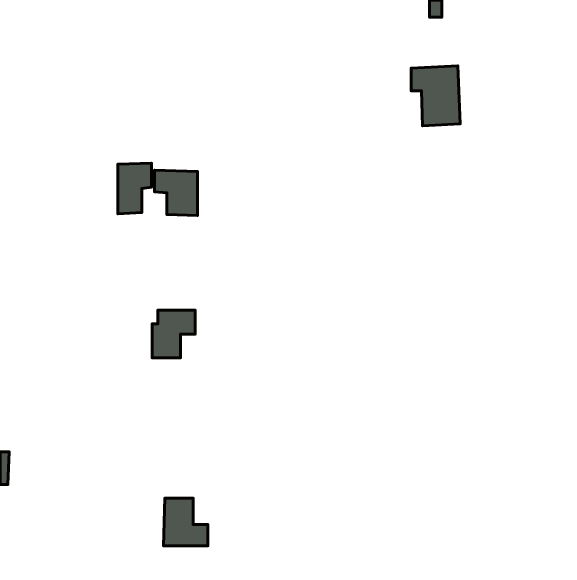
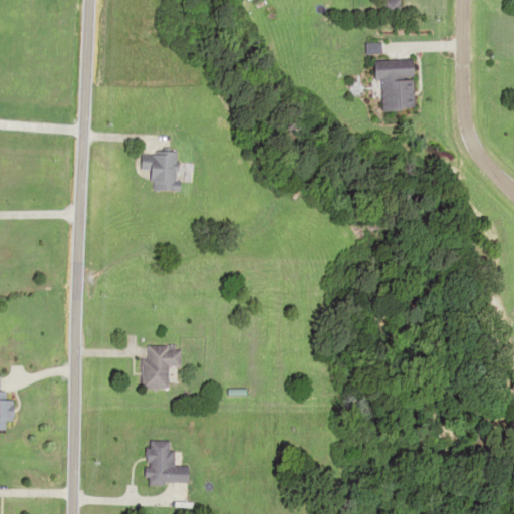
building: [118,163,151,214] -> none
building: [152,310,195,358] -> [146,346,184,389]

